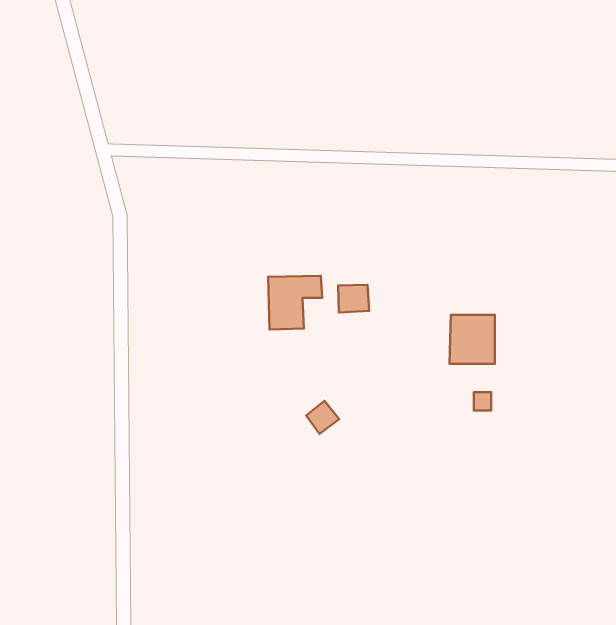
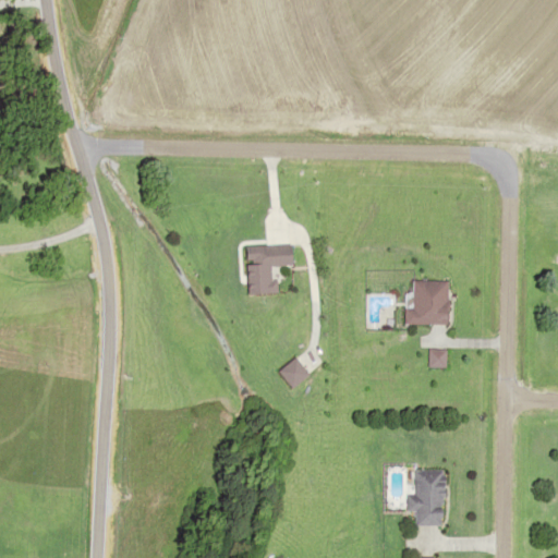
building: [338,285,369,312] -> none
building: none -> [407,469,444,525]

